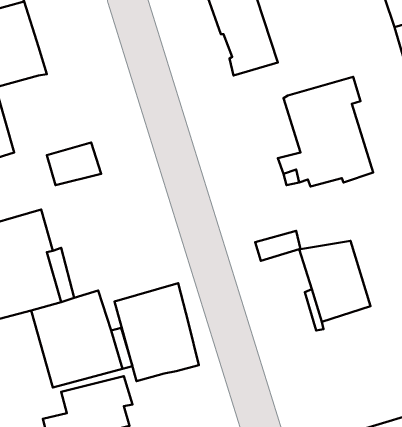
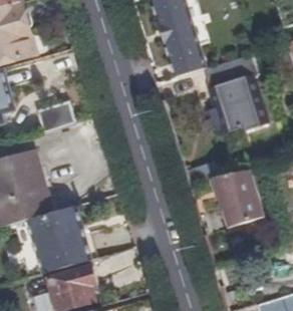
building: none -> [168,44,206,77]
building: [115,283,199,381] -> none

